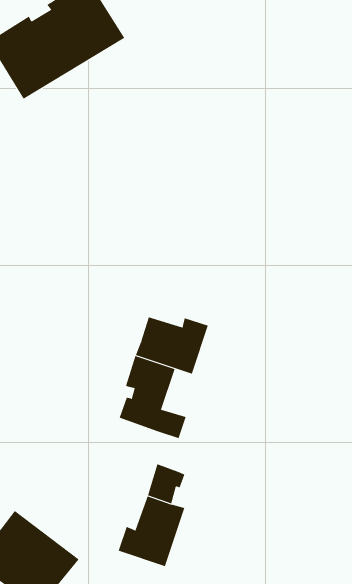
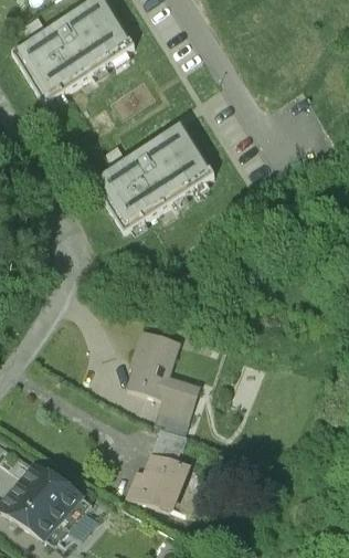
building: none -> [91,119,214,229]
building: [135,316,209,374] -> none
building: none -> [155,397,193,433]

